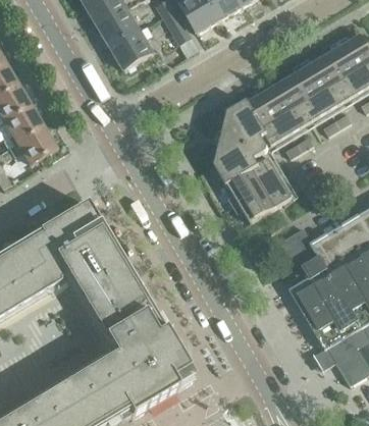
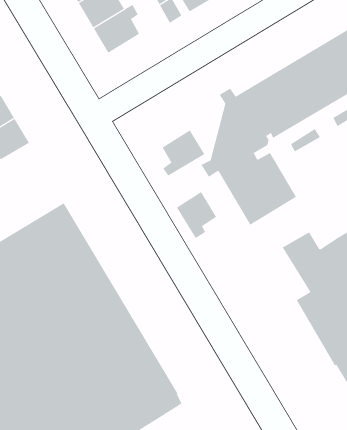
building: none -> [162,130,205,176]
building: none -> [176,191,217,239]

